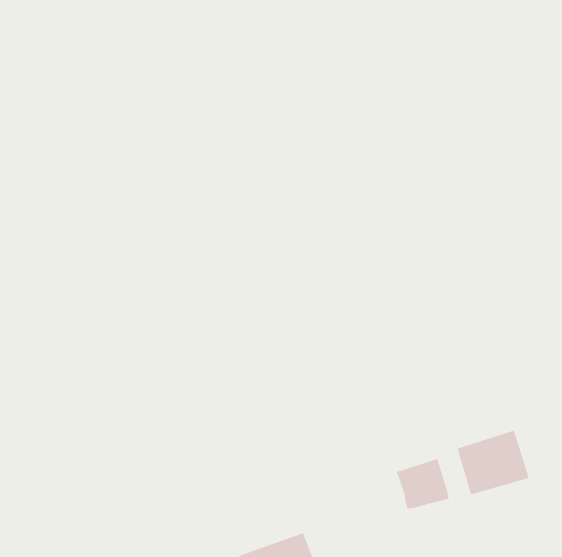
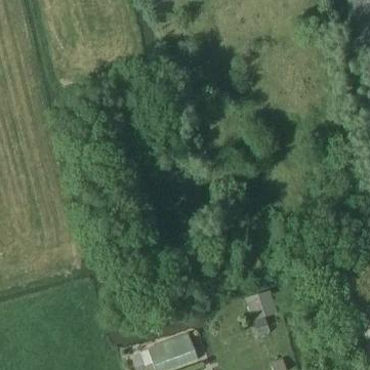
building: [457,430,529,495] -> none

